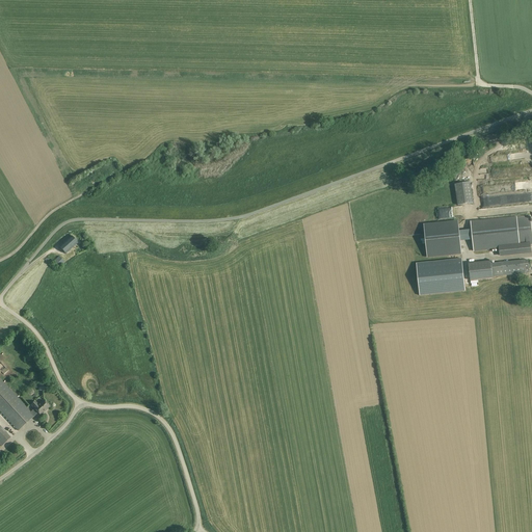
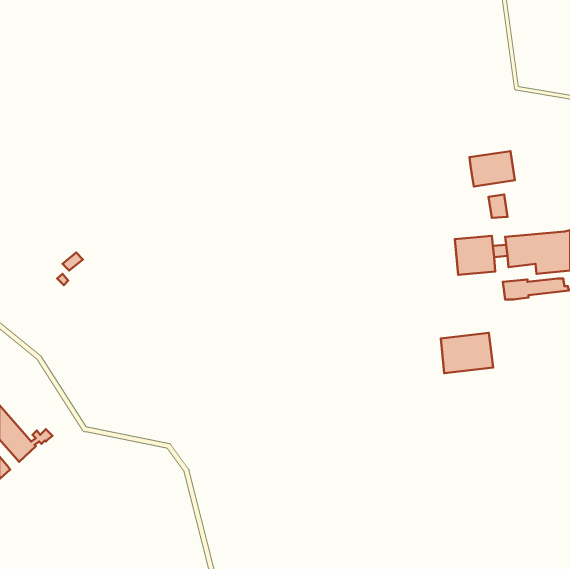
building: none -> [470,151,515,186]
building: [416,257,464,294] -> [441,333,493,373]

